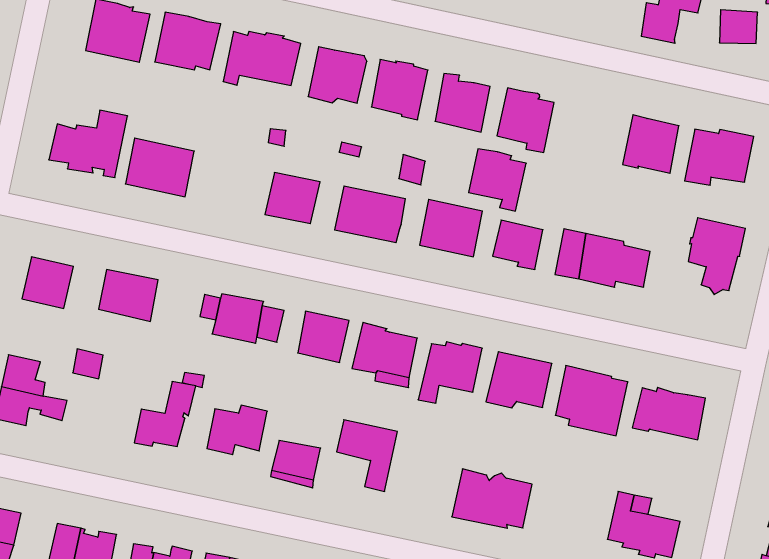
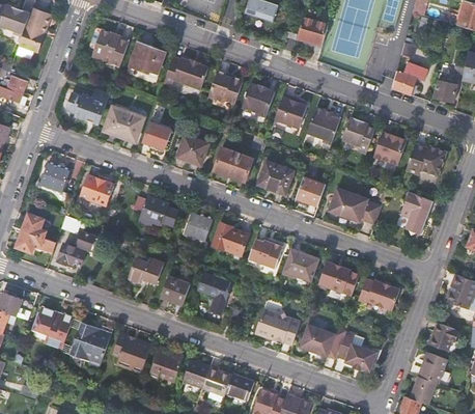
building: [469,149,526,211] -> [341,117,374,154]
building: none -> [142,121,171,149]
building: [134,382,196,446] -> [57,230,94,266]
building: none -> [300,325,345,359]

